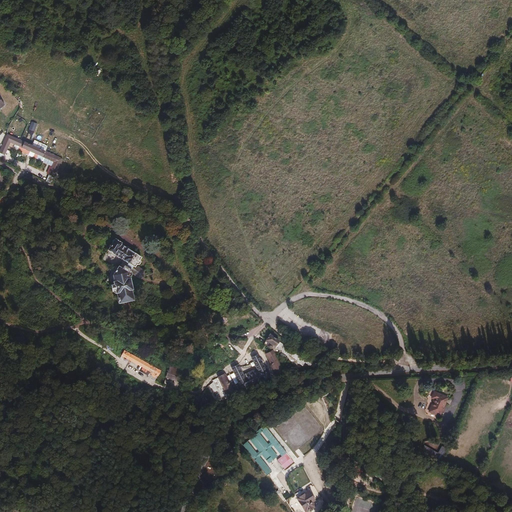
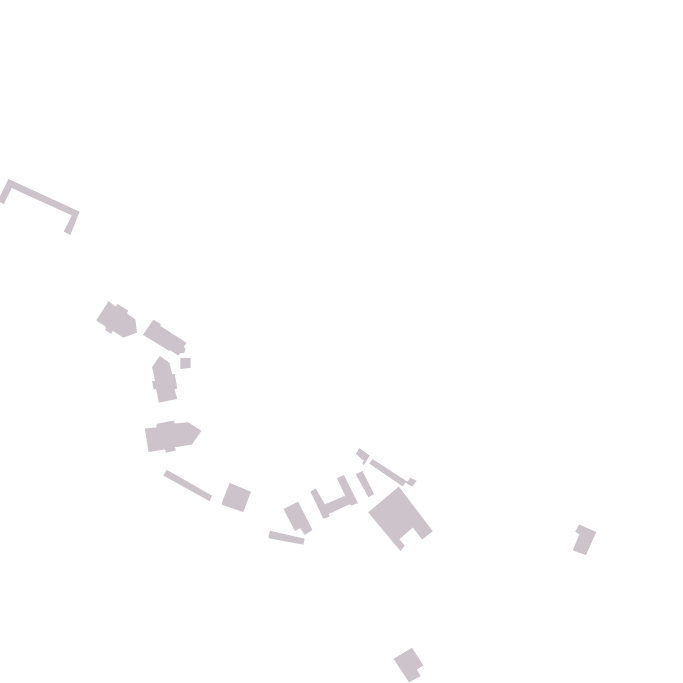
building: none -> [95,300,138,338]
building: none -> [144,420,202,453]
building: [242,426,292,476] -> [367,486,434,553]

